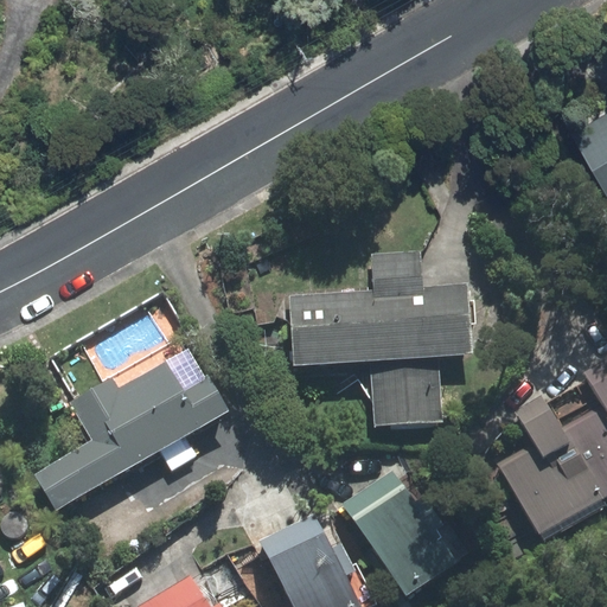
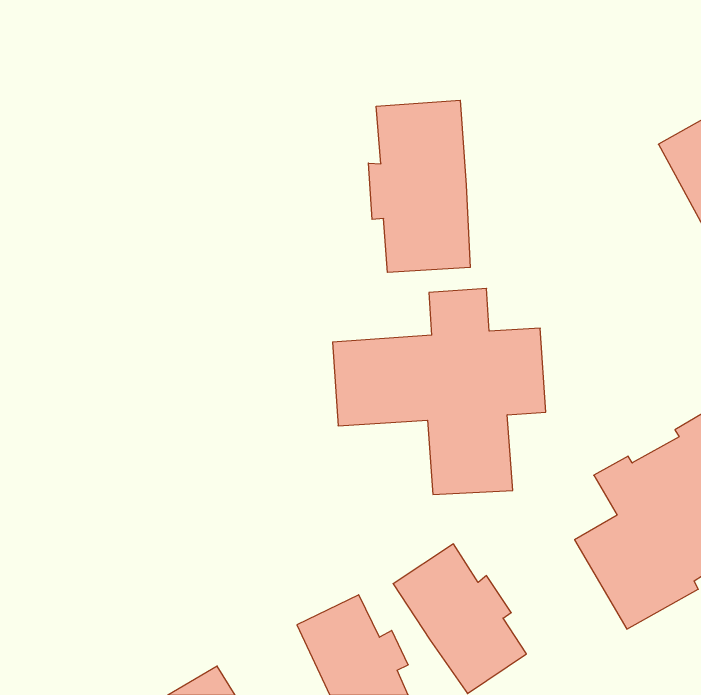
building: none -> [368,100,470,272]
building: [37,346,228,511] -> none

